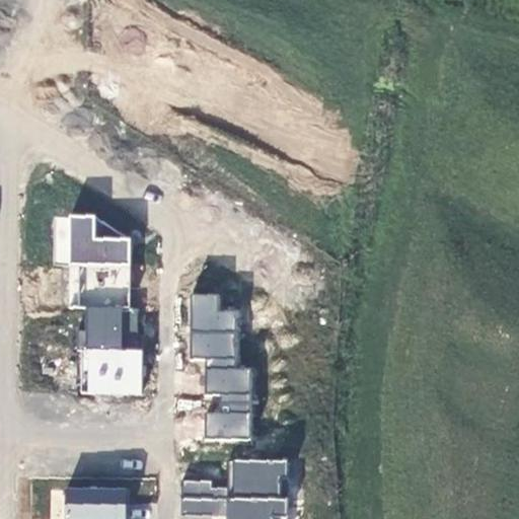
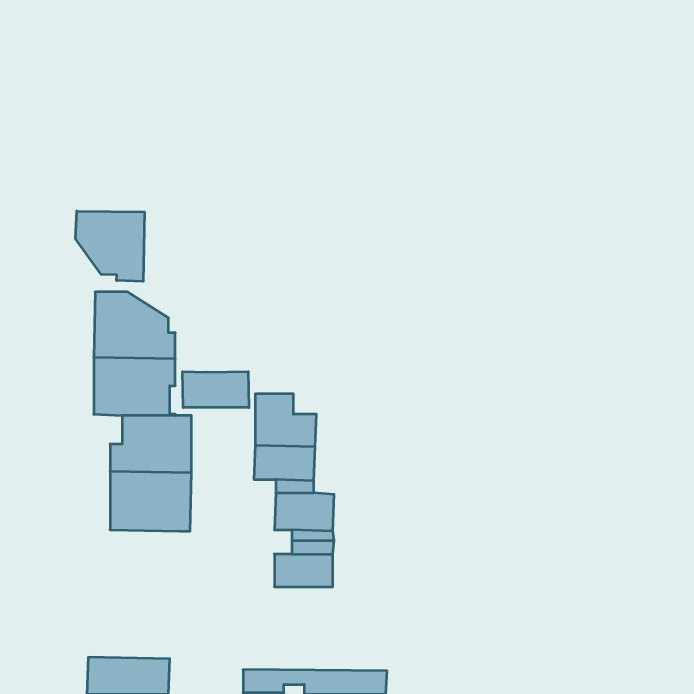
building: none -> [76,211,144,281]
building: none -> [183,372,249,408]
building: [181,462,289,501] -> none

